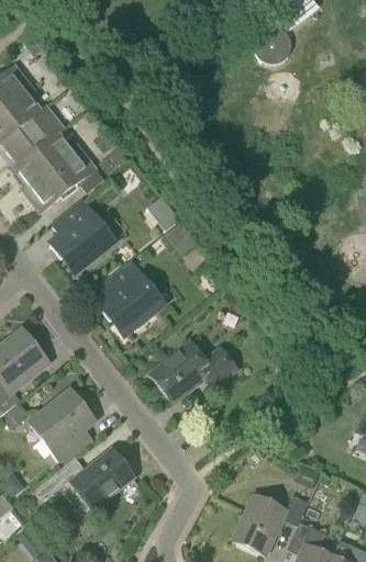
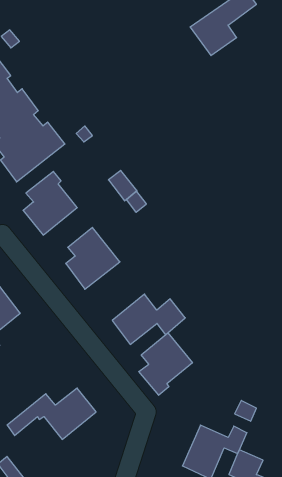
building: none -> [139,333,192,395]
building: [32,392,92,463] -> none

